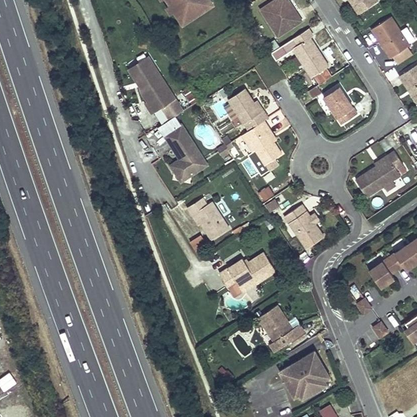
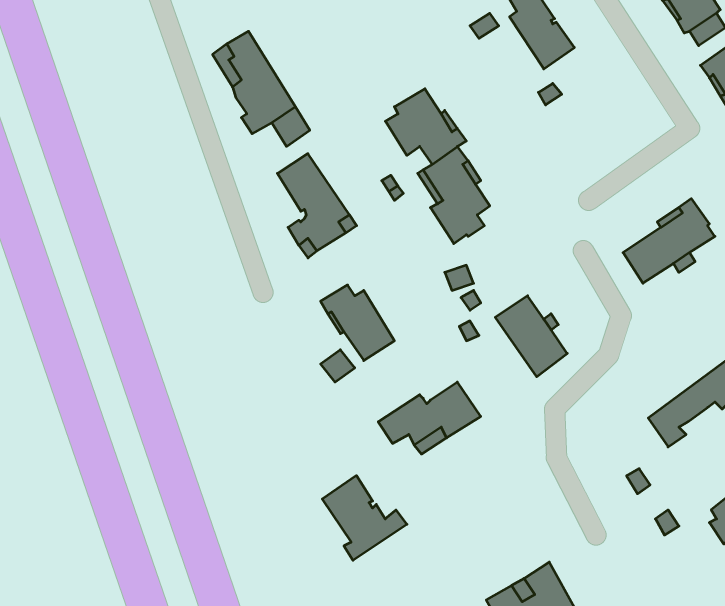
building: [323,86,357,124] -> none
building: [258,305,305,352] -> [322,476,407,560]

